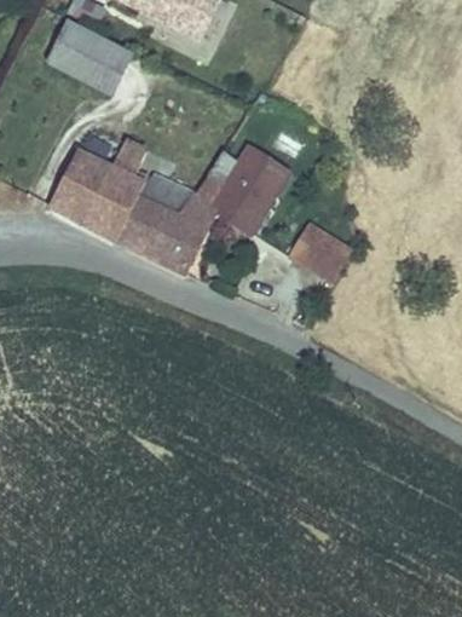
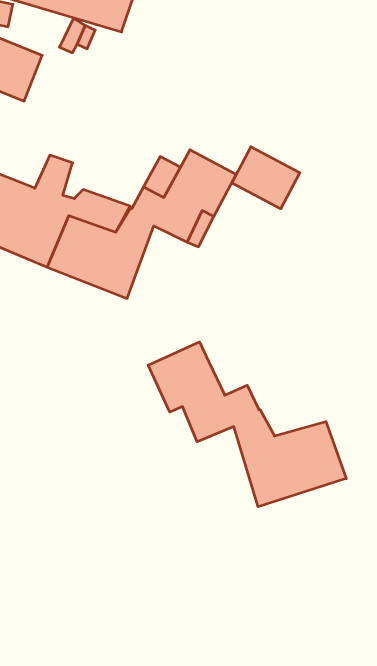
building: [290,224,351,281] -> [232,147,300,209]
building: none -> [148,342,346,507]

